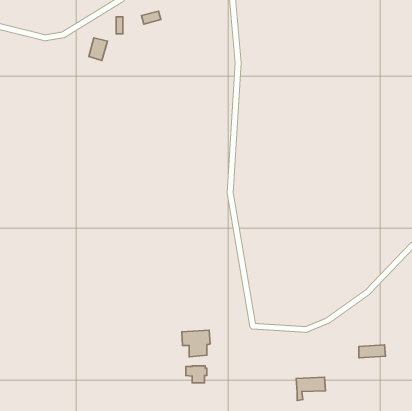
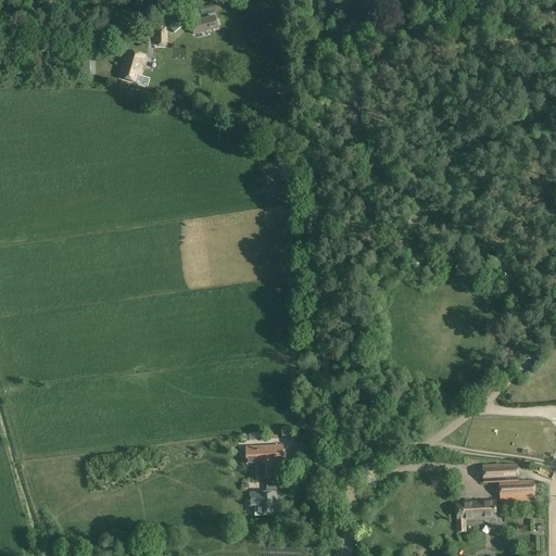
building: none -> [497,480,534,498]
building: [296,377,325,400] -> [456,500,495,531]

